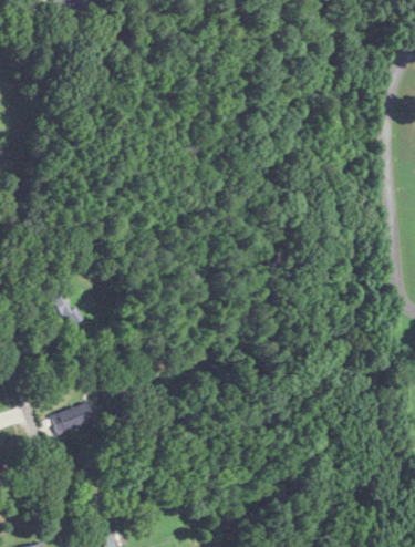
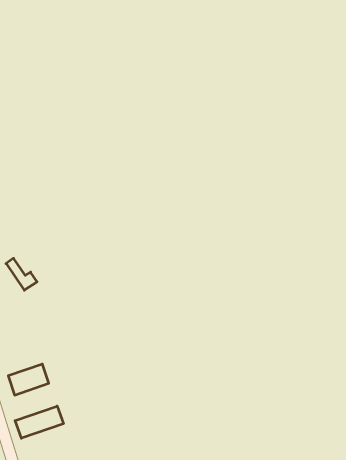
building: none -> [15,406,63,438]

